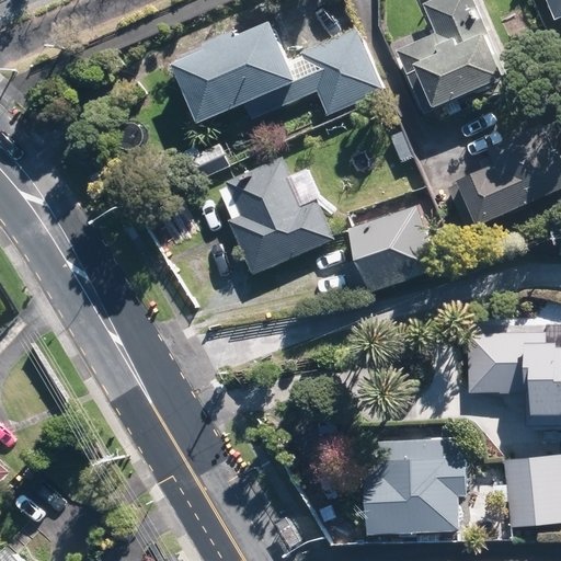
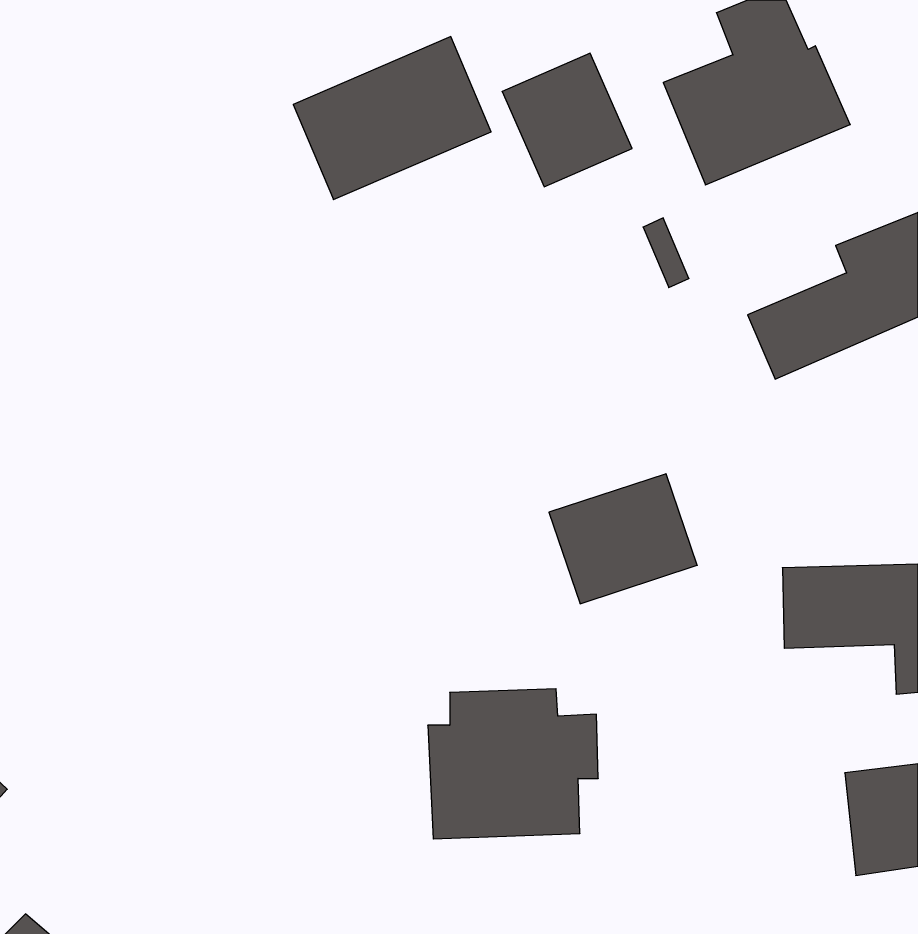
building: [231,169,329,270] -> none
building: [346,209,435,287] -> [549,474,697,604]
building: [367,438,469,528] -> [428,689,598,839]

